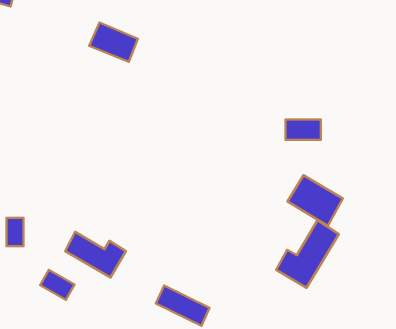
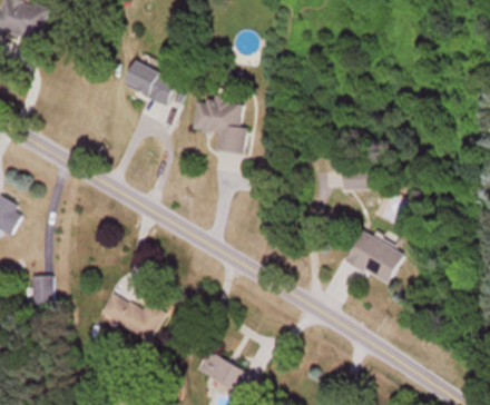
building: none -> [192,96,247,154]
building: [276,220,339,288] -> none
building: [40,270,75,300] -> none

